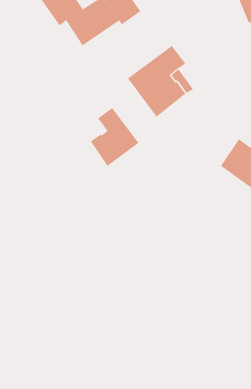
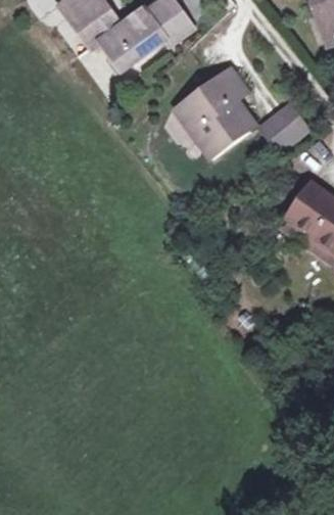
building: none -> [261,104,307,148]
building: [90,107,139,167] -> none

